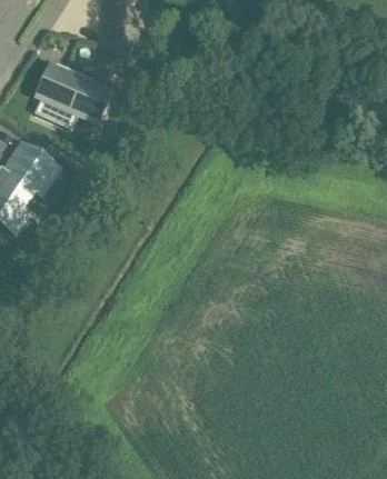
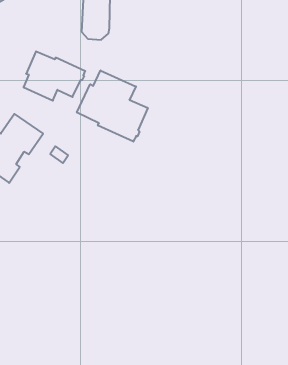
building: none -> [77,70,148,142]

